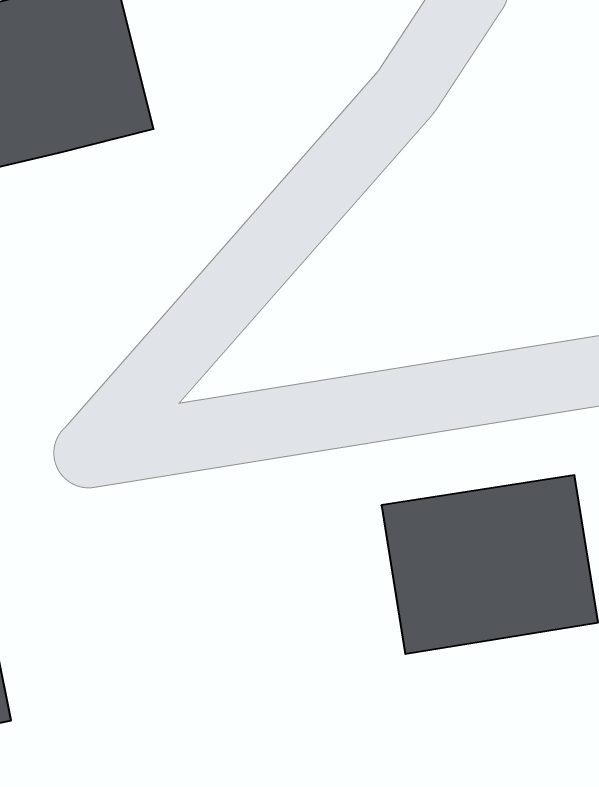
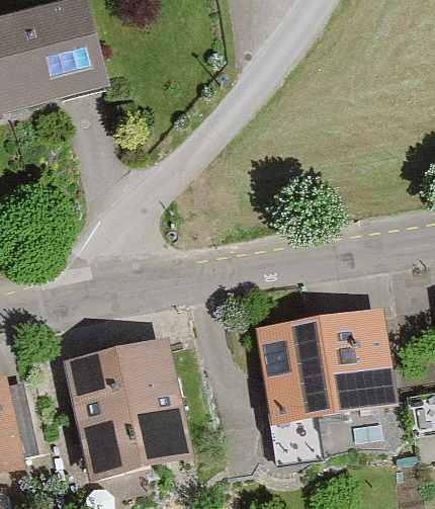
building: none -> [66,337,193,478]

